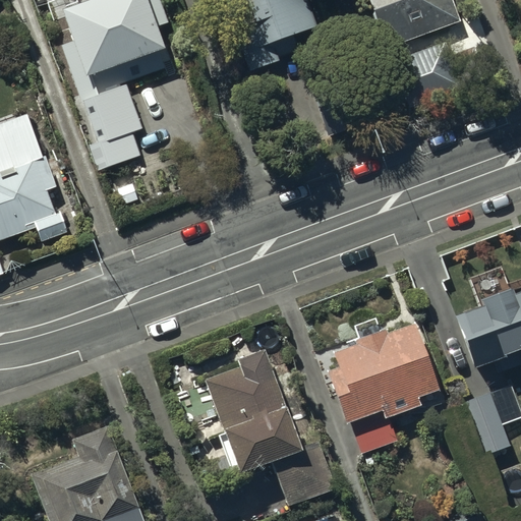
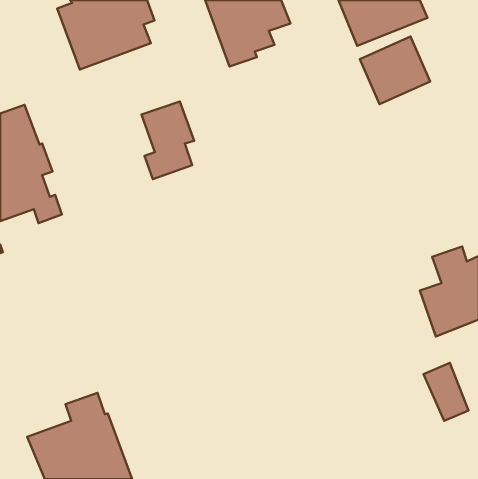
building: [84,86,141,171] -> [142,101,194,179]
building: [327,324,441,453] -> none
building: [206,351,336,506] -> none

